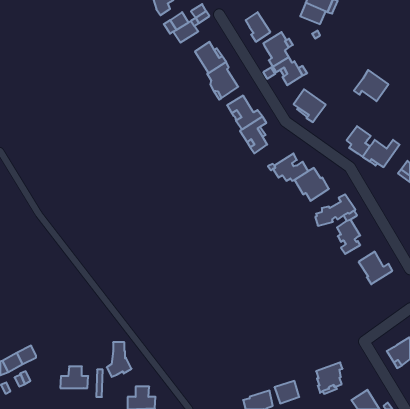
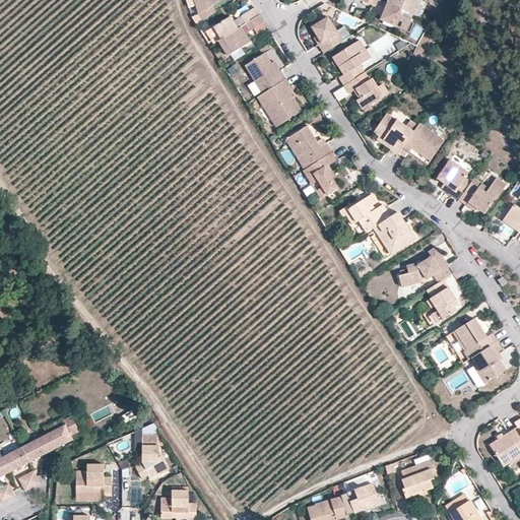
building: [354,70,388,101] -> [401,121,445,160]
building: none -> [472,342,507,384]
building: none -> [40,424,71,452]

